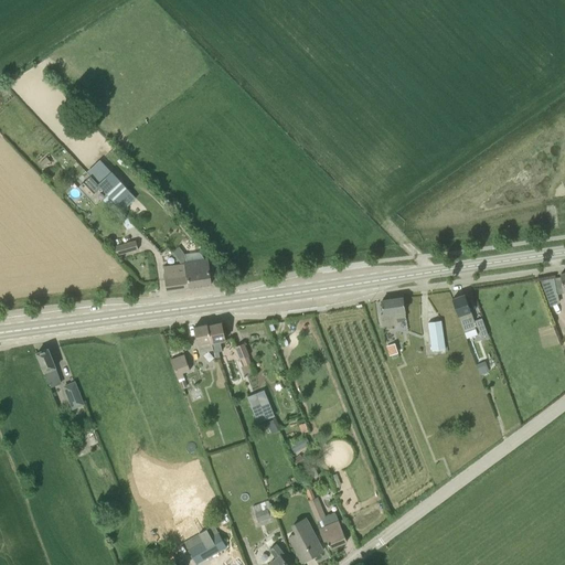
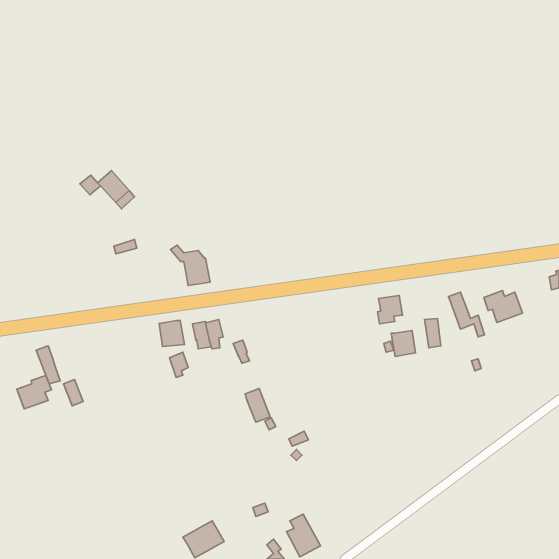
building: [164,264,190,290] -> [159,320,184,347]
building: none -> [484,291,522,322]
building: none -> [391,331,415,357]
building: none -> [17,375,52,409]
building: [309,499,347,548] -> none

